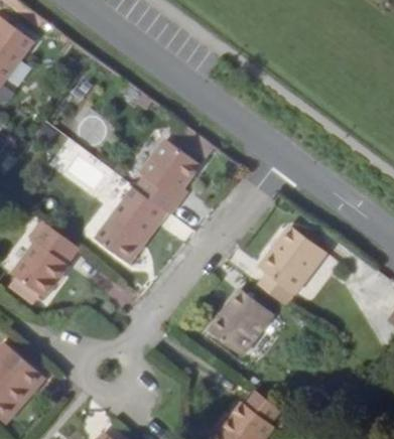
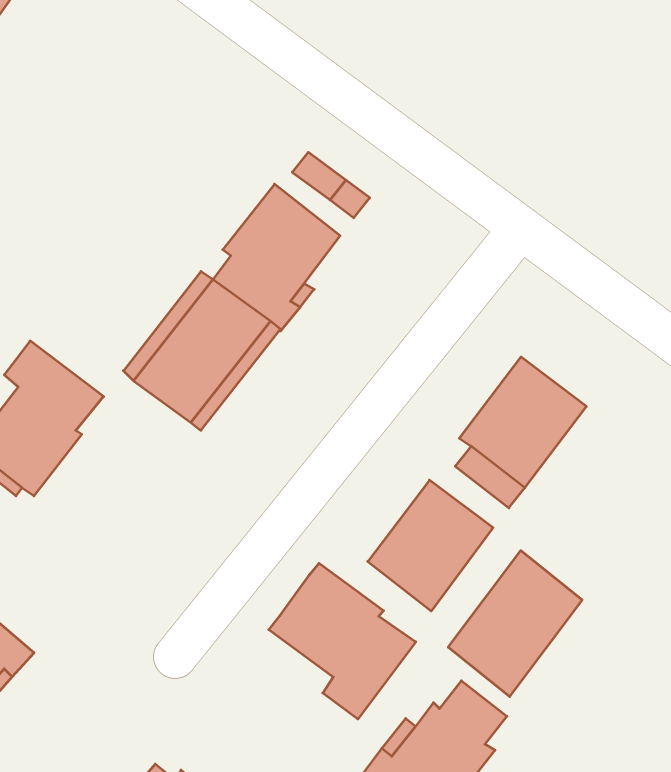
building: none -> [448,551,582,697]
building: none -> [269,563,416,719]

